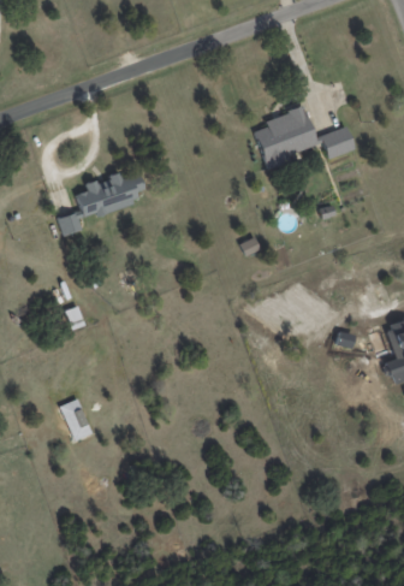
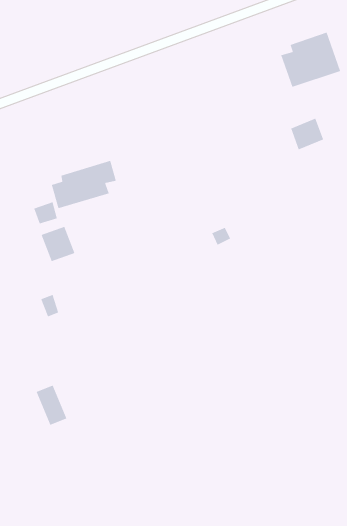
building: [255,107,317,165] -> [280,31,341,88]
building: none -> [41,226,75,262]

